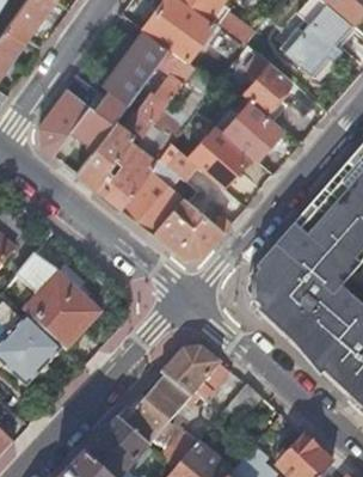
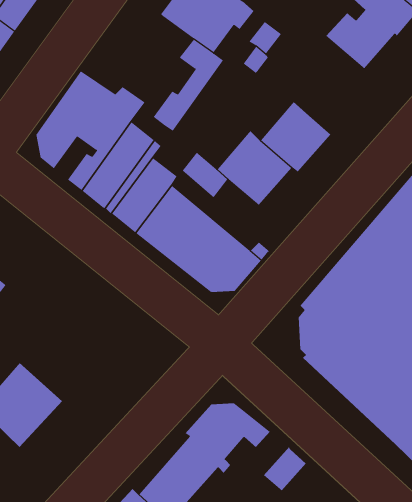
building: [104,29,168,100] -> none
building: [242,60,290,111] -> none
building: [18,252,99,350] -> none

